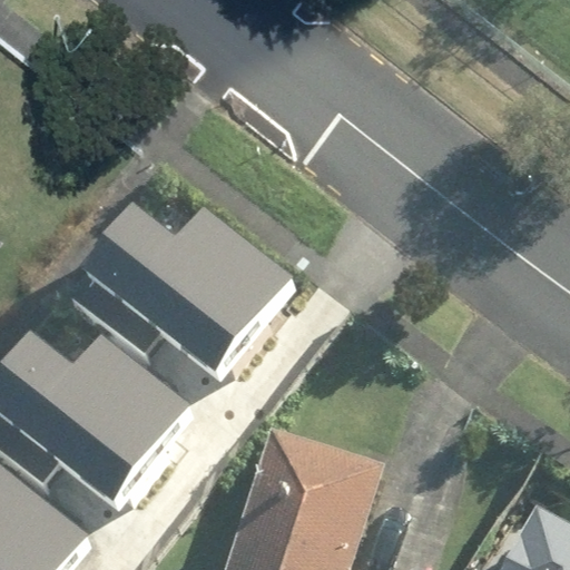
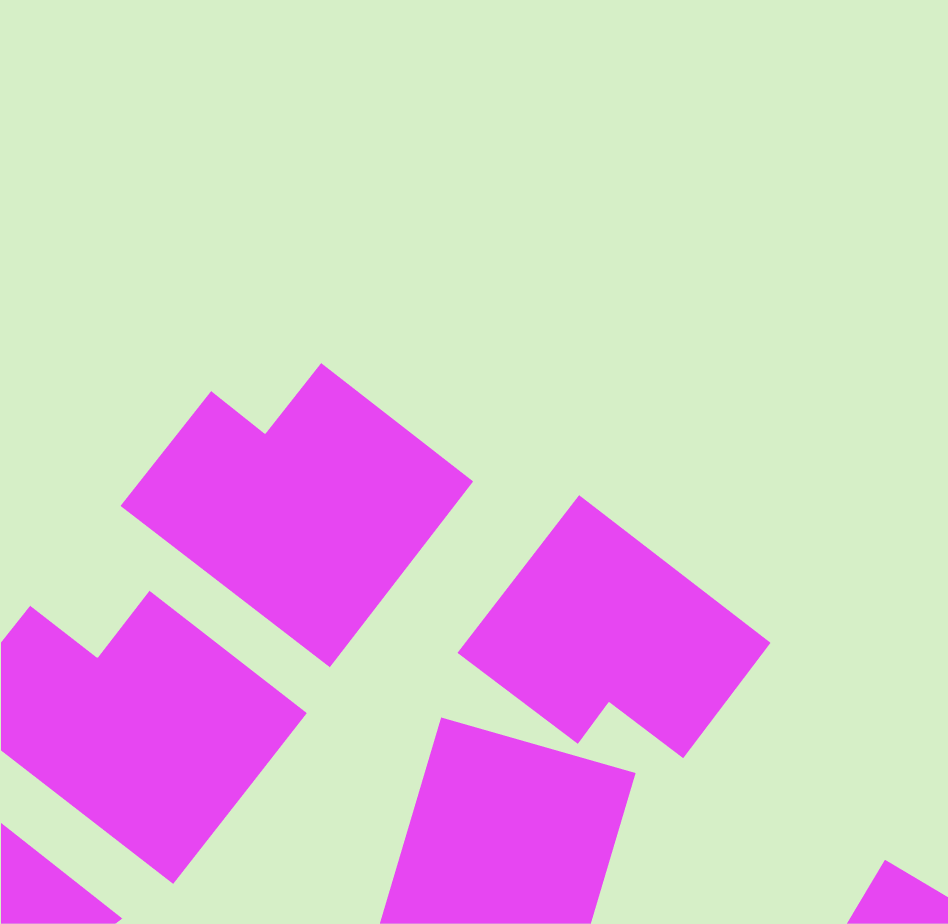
building: none -> [457,494,771,759]

